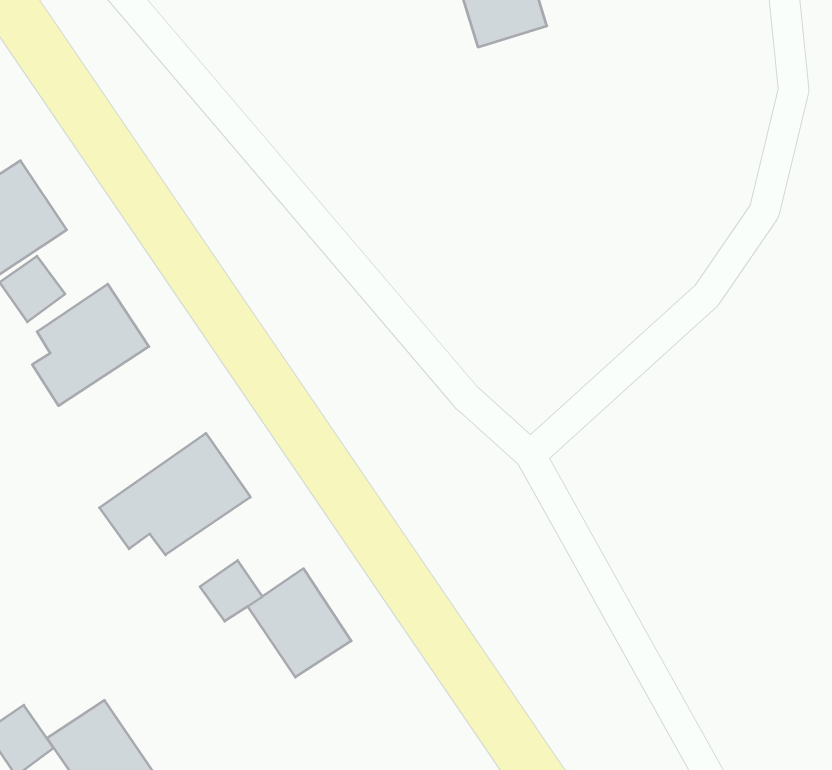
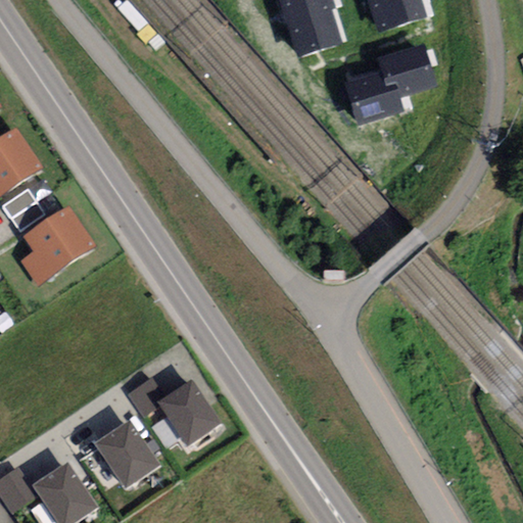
building: none -> [341,46,436,126]
building: [99,433,250,555] -> none
building: none -> [96,419,160,486]

